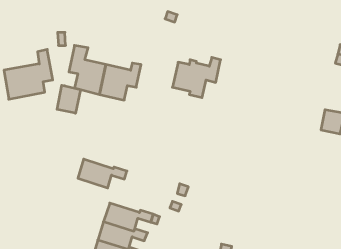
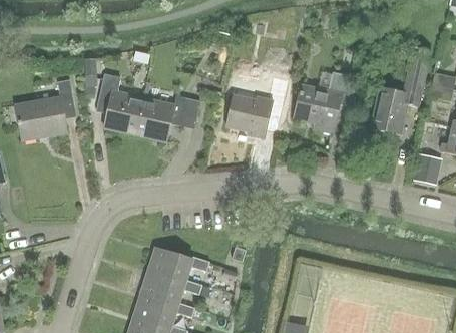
building: none -> [370,46,430,133]
building: none -> [294,71,356,131]
building: [57,85,81,113] -> none
building: [78,159,127,188] -> [147,246,208,282]

